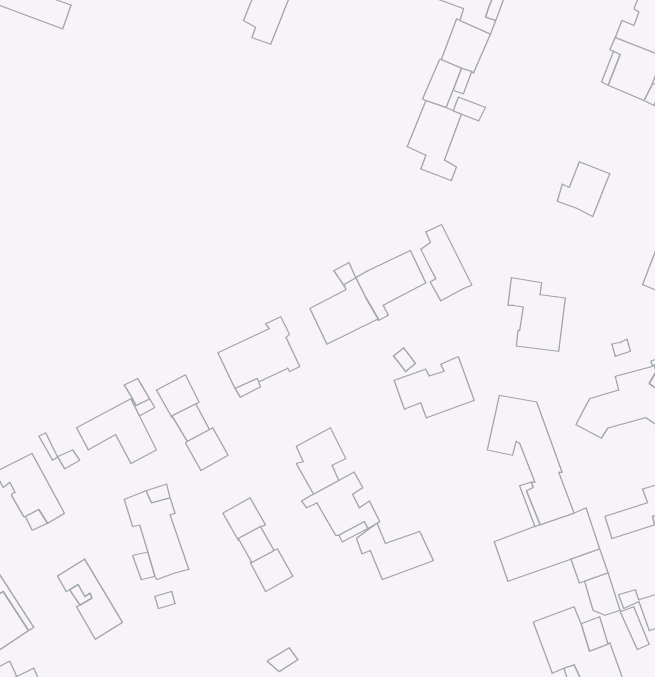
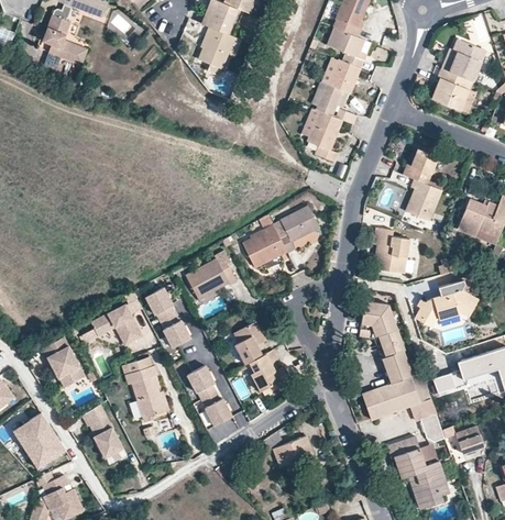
building: none -> [405,179,441,221]
building: [421,225,472,301] -> none
building: [394,357,474,418] -> none
building: [357,523,433,579] -> [264,431,314,467]

